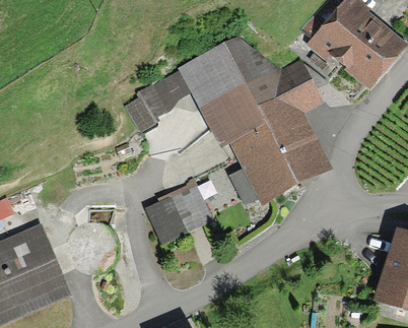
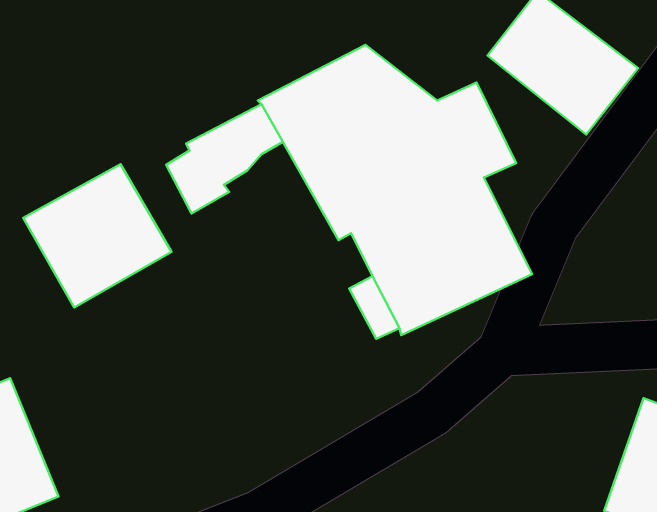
building: none -> [23,164,171,308]
building: [146,184,212,240] -> none

